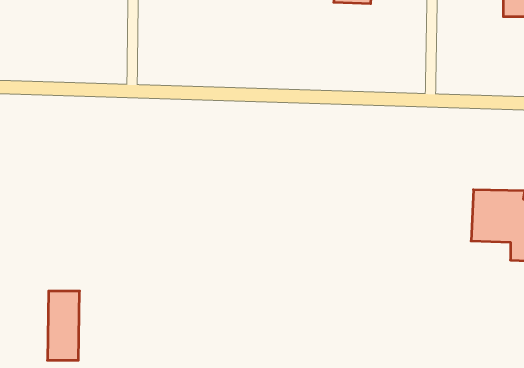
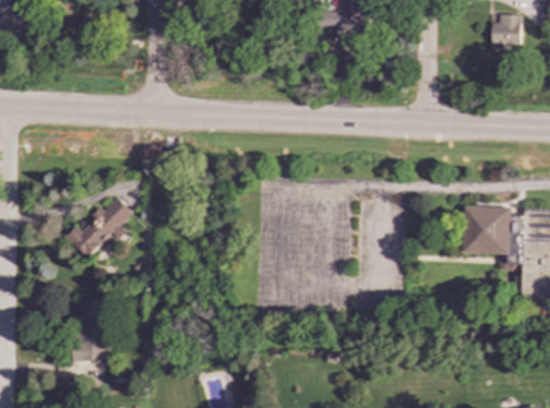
building: none -> [63,196,132,256]

